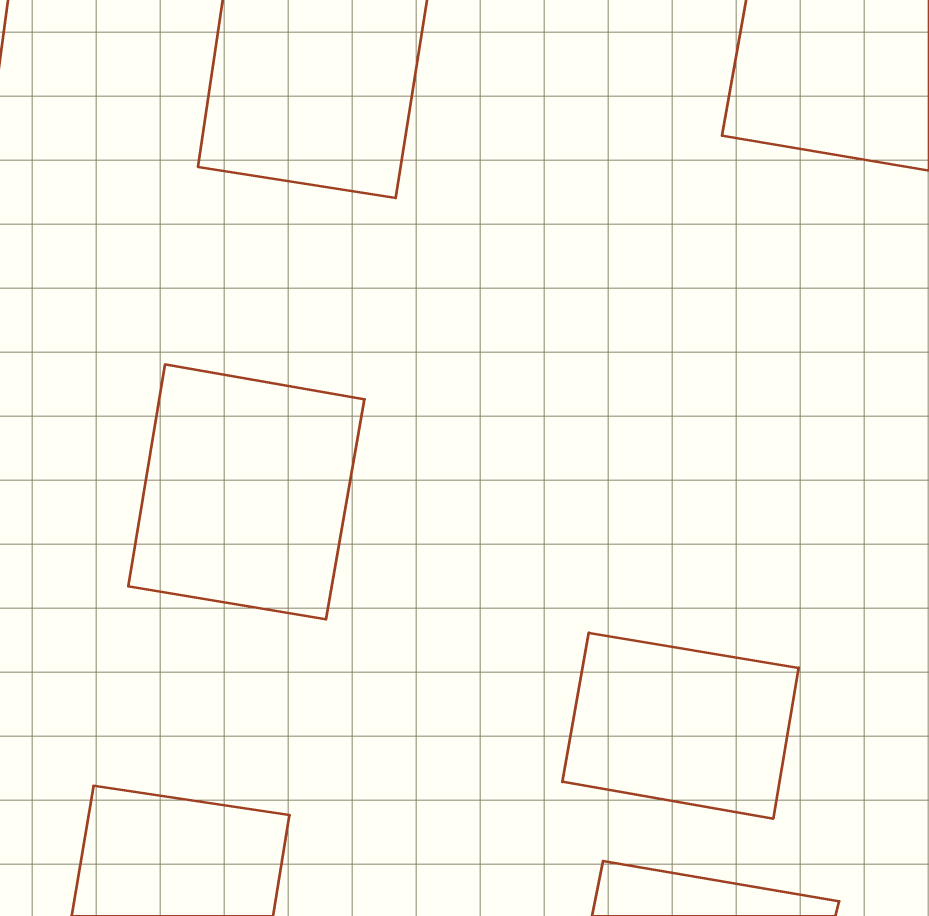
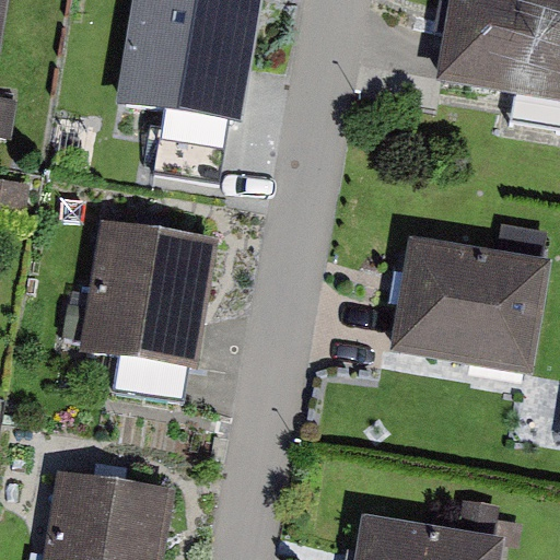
building: none -> [387,235,550,376]
building: [562,633,799,819] -> none

